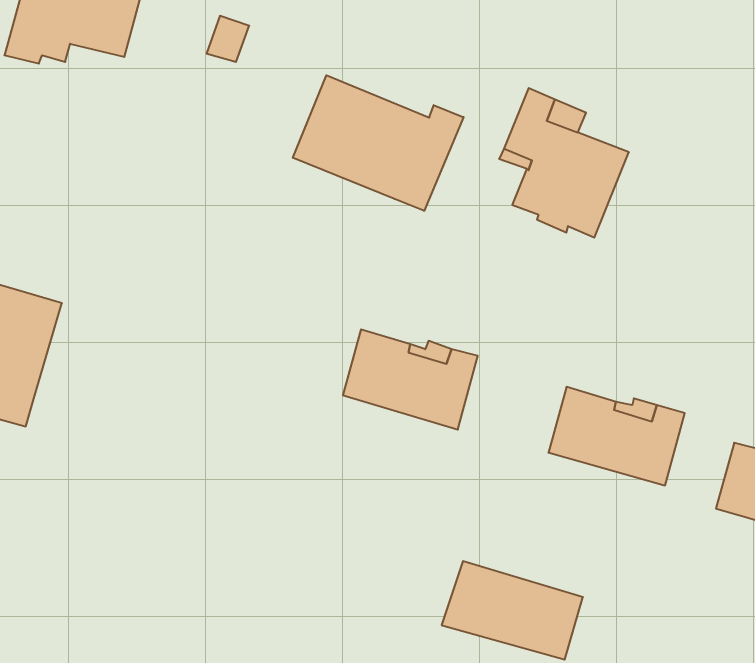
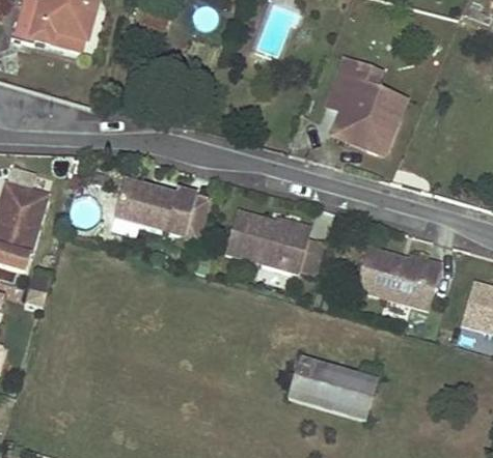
building: [293,75,464,211] -> none
building: none -> [114,181,197,237]

